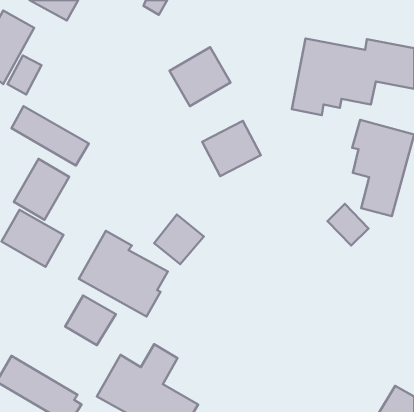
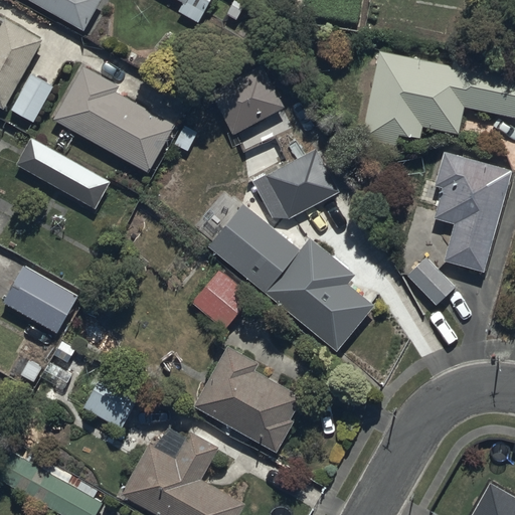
building: none -> [52,67,173,173]
building: [14,159,69,220] -> none
building: none -> [208,203,373,352]
building: [79,231,168,316] -> [193,346,303,452]

